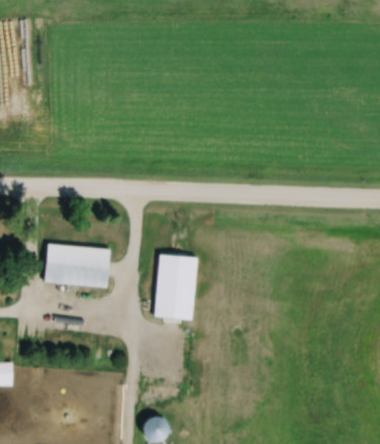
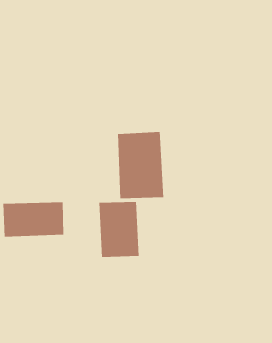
building: none -> [117,131,164,199]

